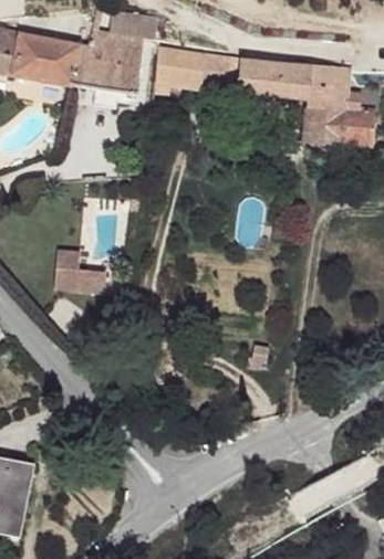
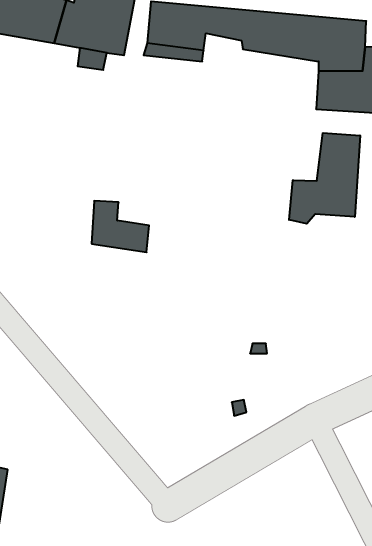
building: none -> [289,133,360,224]
building: [54,250,106,296] -> [92,201,149,252]

